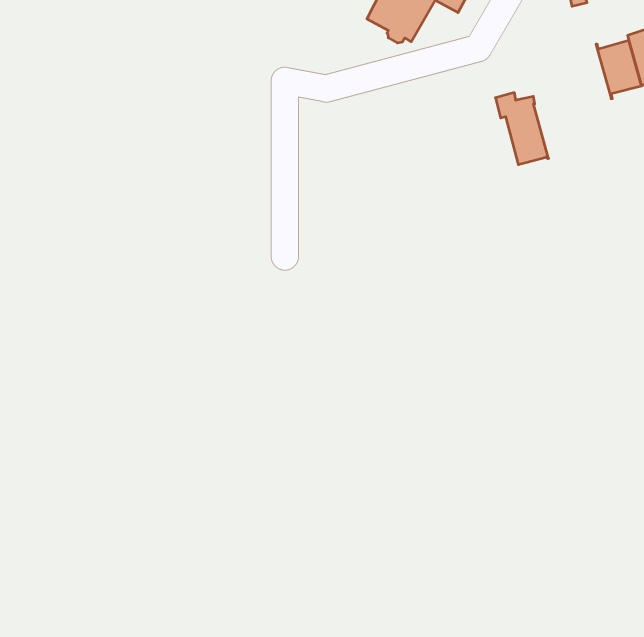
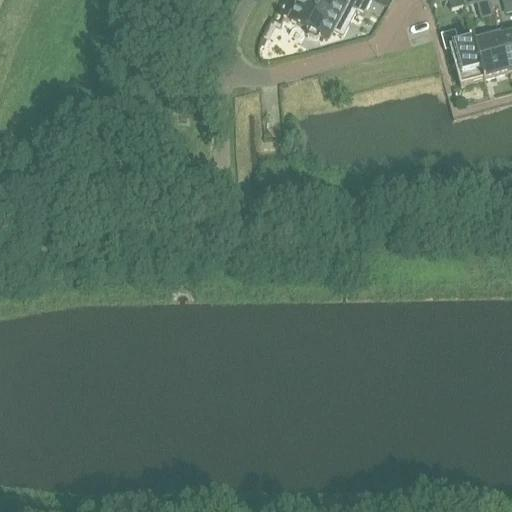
building: [495,93,549,165] -> [443,26,485,83]

